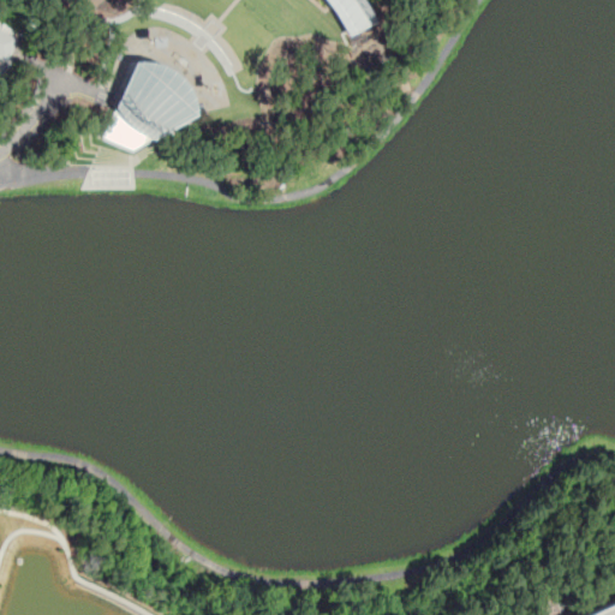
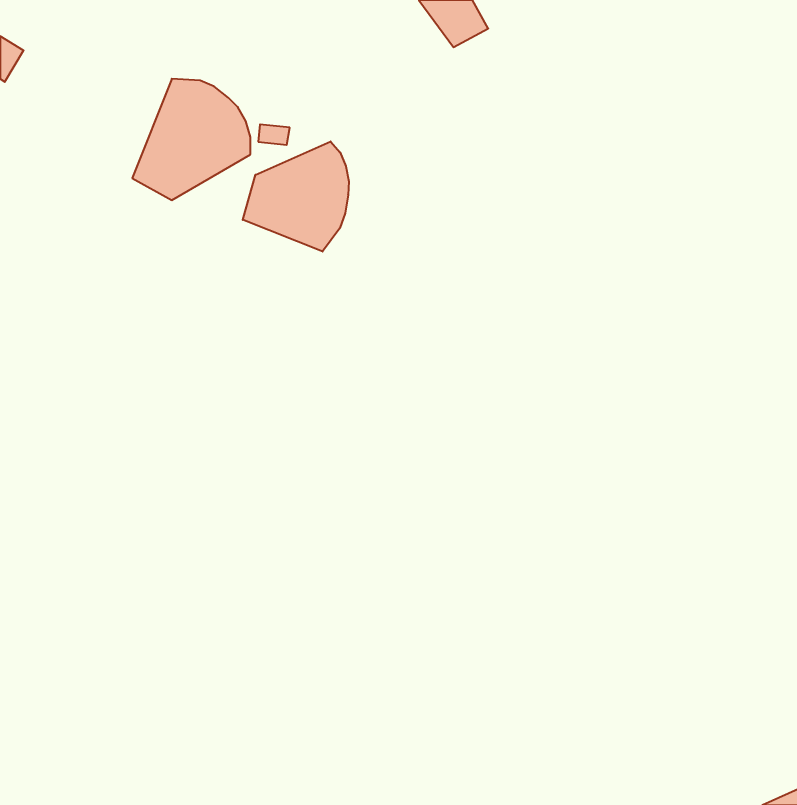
building: none -> [243,141,349,252]

